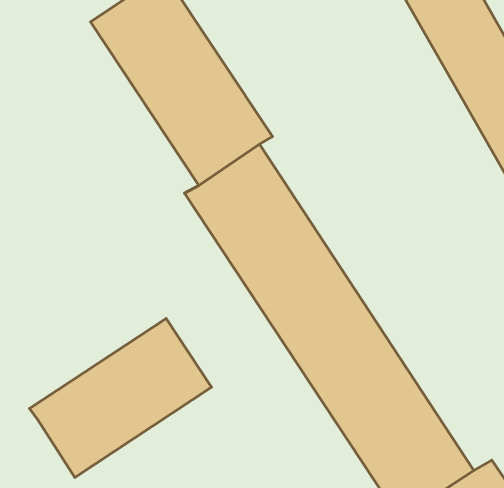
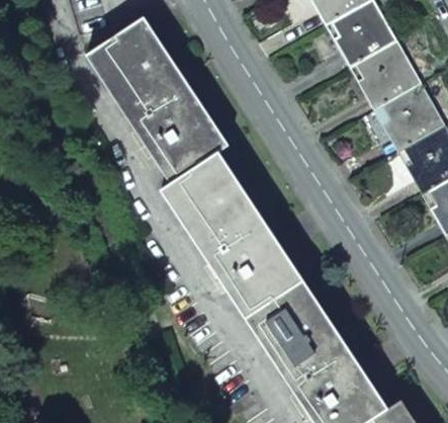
building: [30,318,211,477] -> none

